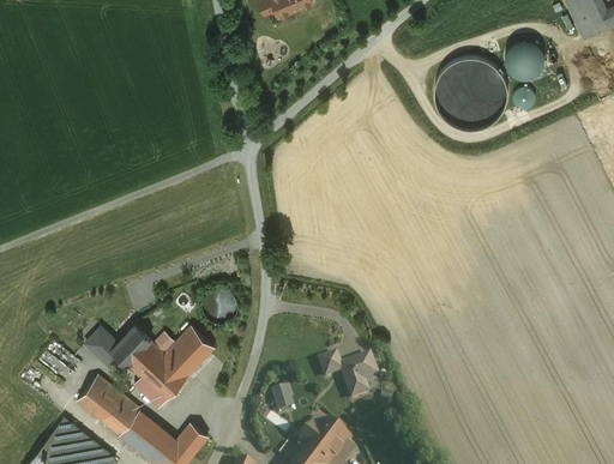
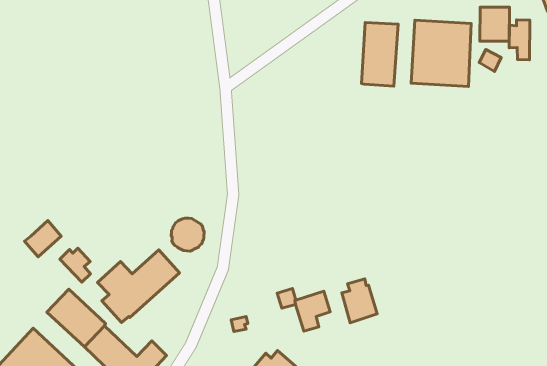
building: none -> [509,20,530,60]
building: none -> [362,23,398,86]
building: [112,325,150,364] -> [25,220,61,257]
building: none -> [342,279,377,323]

